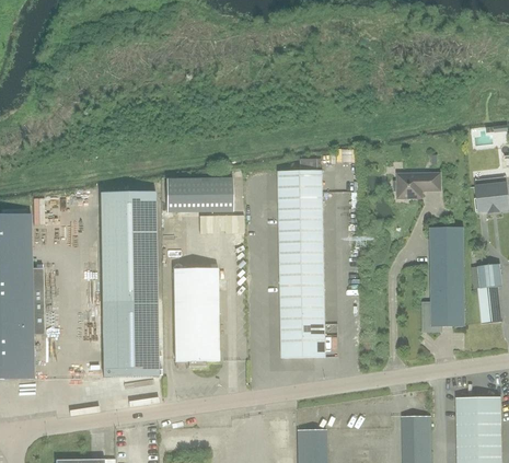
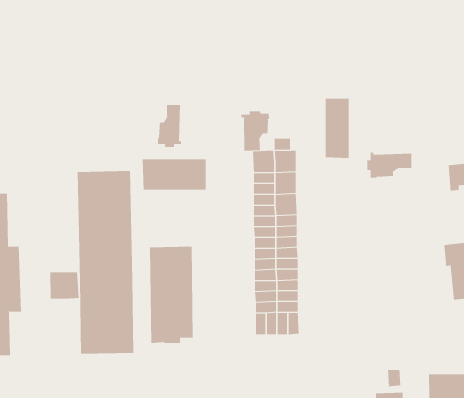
building: none -> [325,98,349,159]
building: none -> [157,104,182,148]
building: none -> [241,110,270,152]
building: [425,228,465,331] -> none
building: none -> [50,271,79,299]

